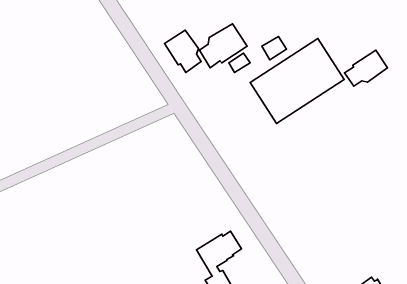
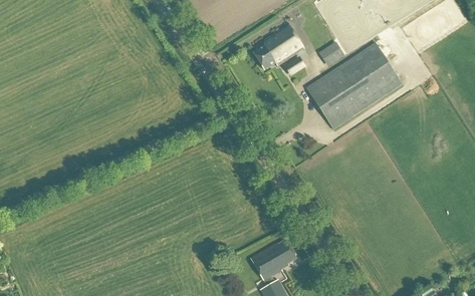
building: [165,30,201,72] -> none
building: [344,50,387,86] -> none

